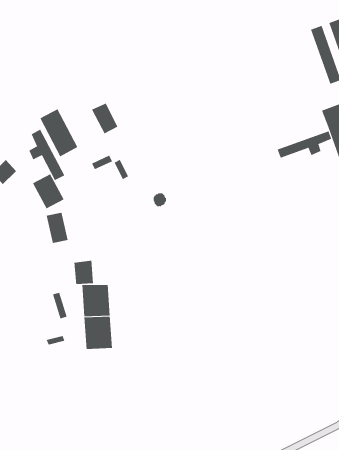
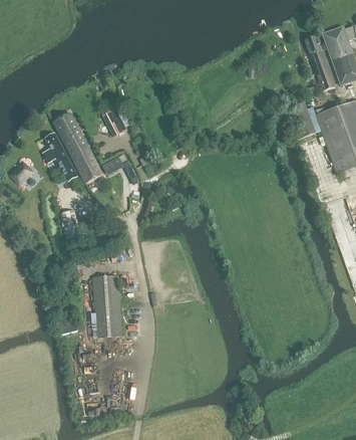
building: [277,131,332,158] -> none
building: [32,174,65,209] -> [72,150,102,183]
building: [74,260,94,285] -> none

